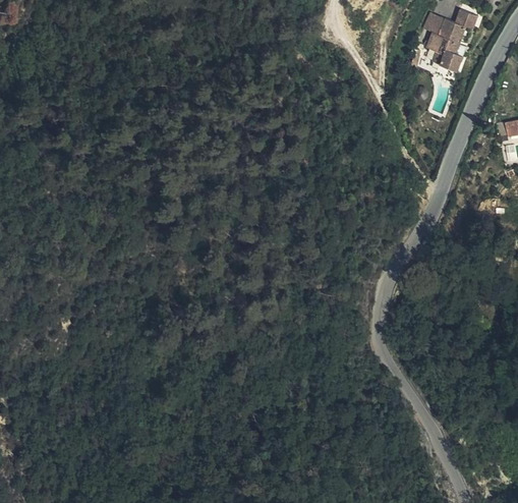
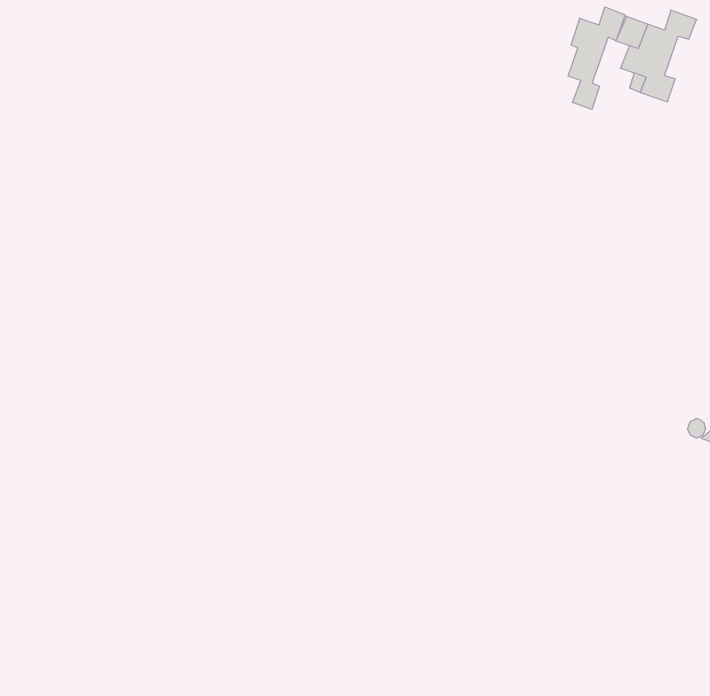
building: none -> [568,7,625,109]

